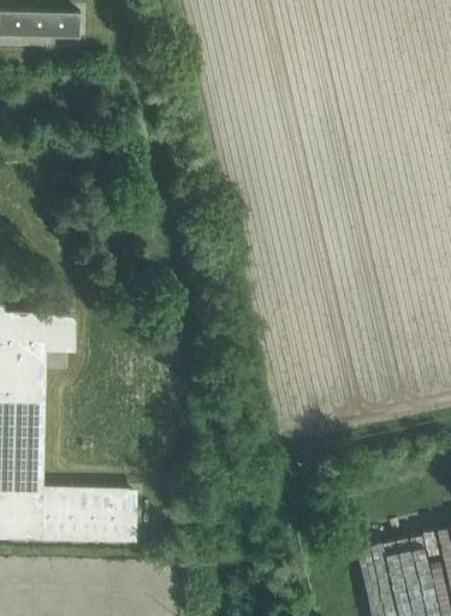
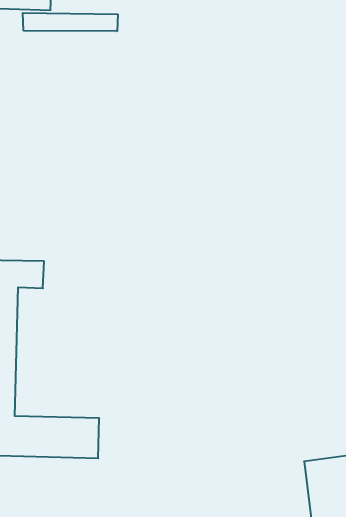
building: none -> [23,13,118,31]

